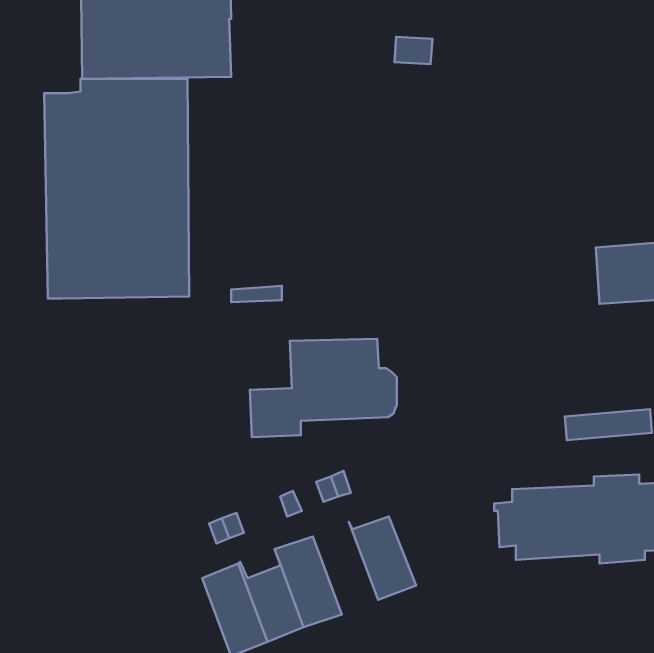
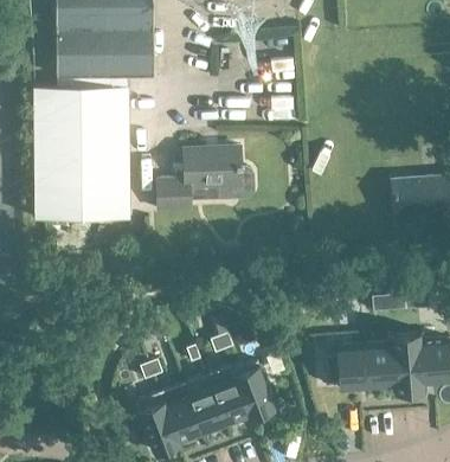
building: [250,339,397,437] -> [159,147,255,211]
building: none -> [208,366,251,426]

